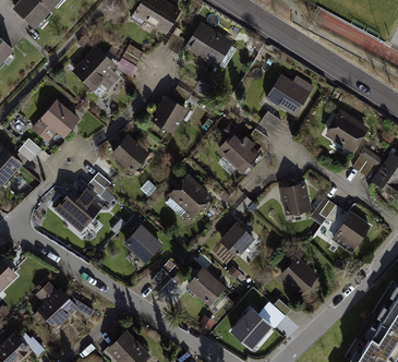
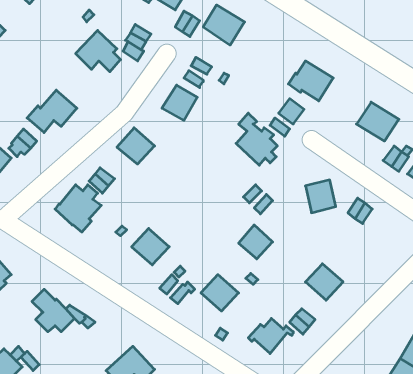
building: [166,178,208,216] -> none
building: [333,215,367,252] -> none

